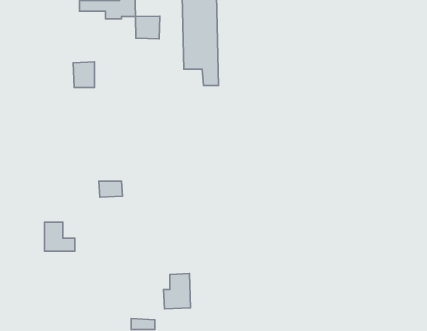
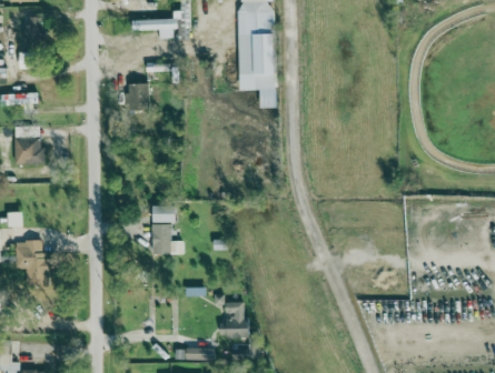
building: [135,16,160,39] -> none
building: [45,222,75,251] -> [152,223,184,253]

